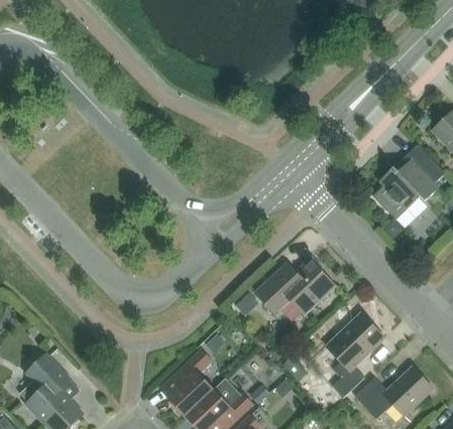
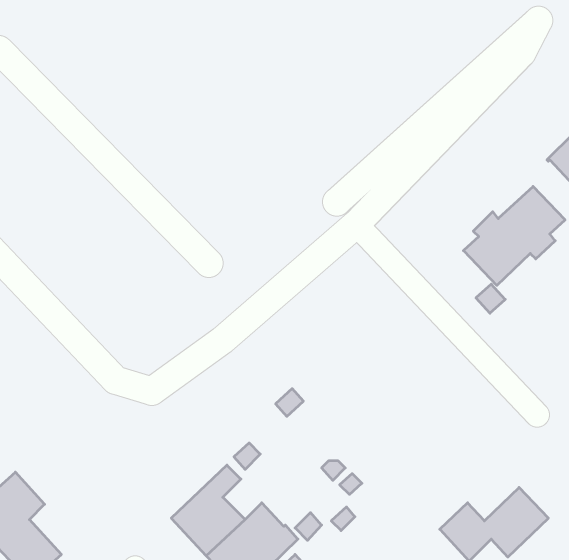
building: [255,260,338,321] -> none
building: [326,312,385,398] -> none

